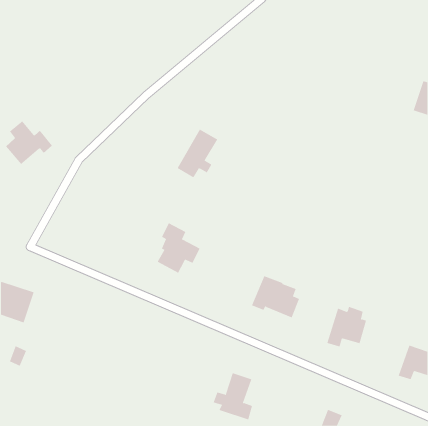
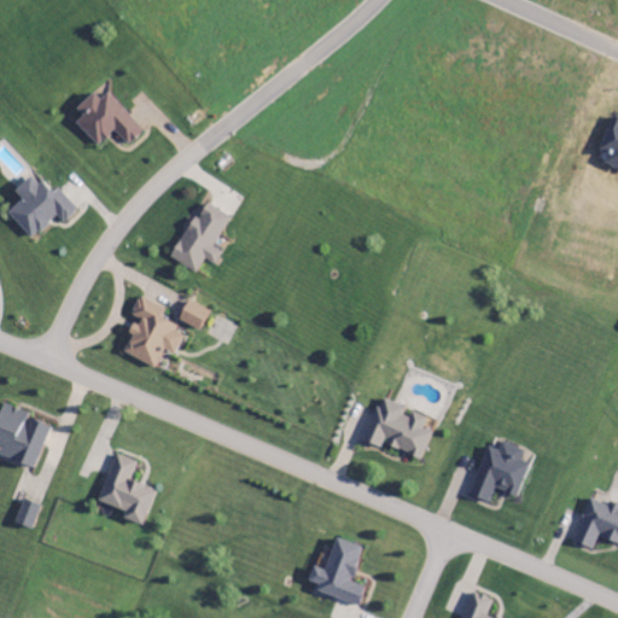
building: none -> [75,91,144,145]
building: [177,129,218,178] -> [170,200,229,272]
building: none -> [177,299,209,330]
building: [157,223,200,274] -> [122,295,185,368]
building: none -> [97,453,154,525]

